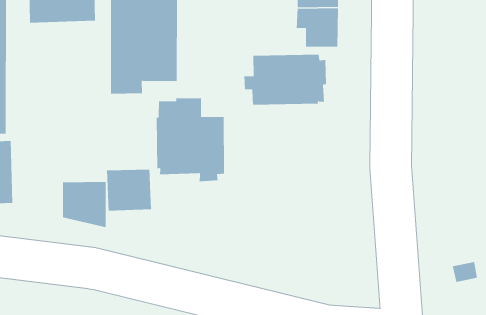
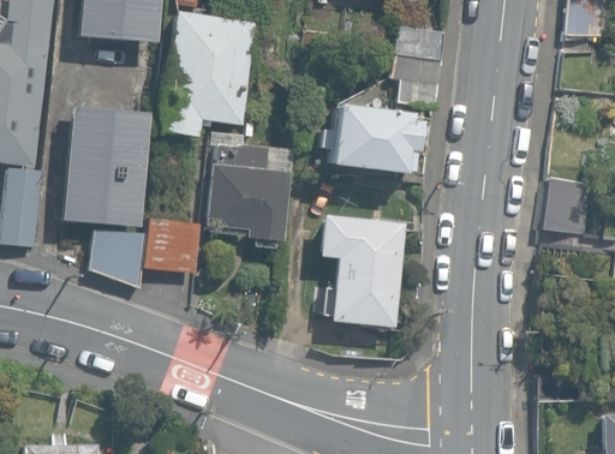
building: none -> [61,106,150,227]
building: none -> [541,178,590,238]
building: none -> [318,215,405,328]

